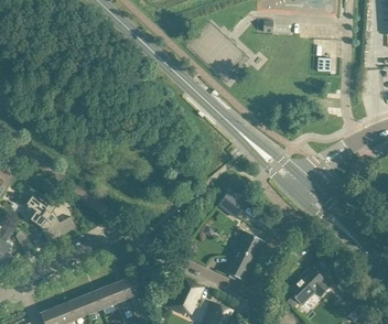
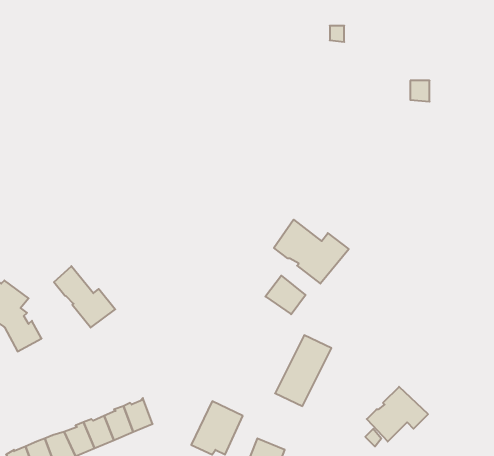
building: none -> [274,220,349,284]
building: none -> [54,266,115,328]

